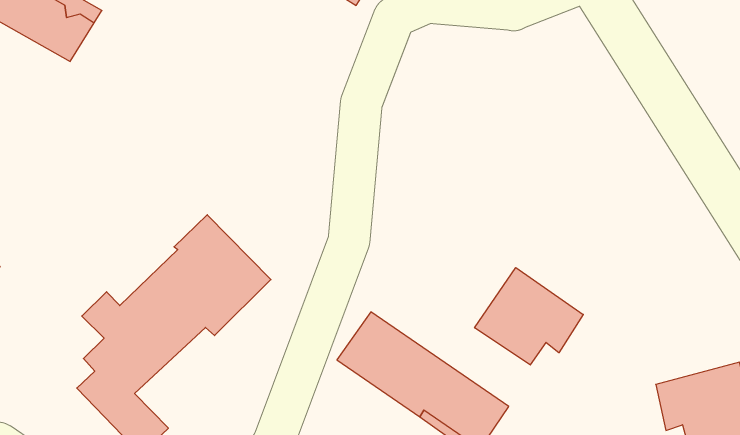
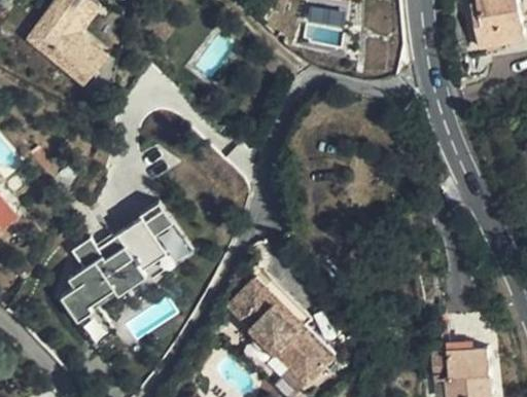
building: [475,268,583,365] -> none

